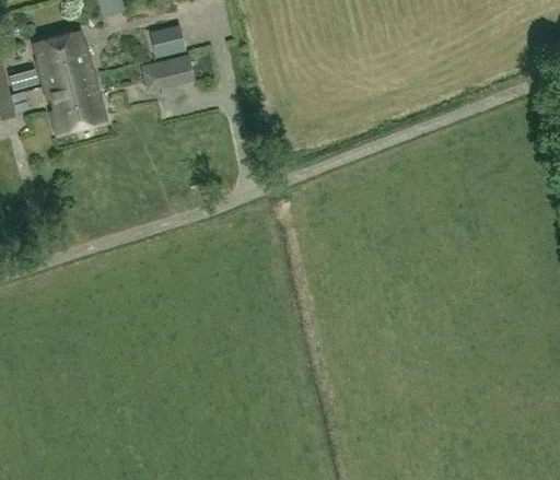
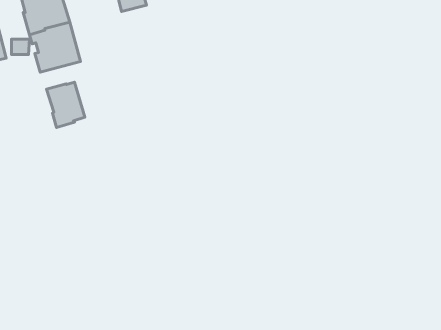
building: [154,55,194,87] -> none
building: none -> [46,82,85,127]

